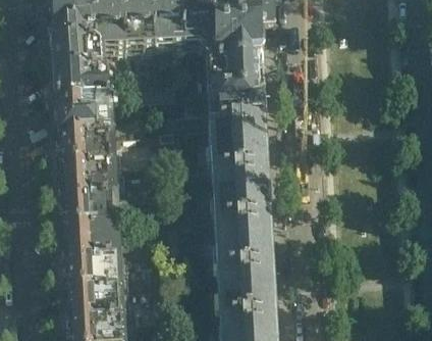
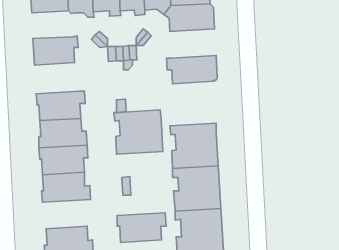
building: [54,37,104,68] -> none
building: [206,57,265,91] -> none
building: [57,96,113,132] -> none
building: [209,117,265,168] -> [114,110,163,154]
building: [66,253,122,287] -> [117,213,166,242]

